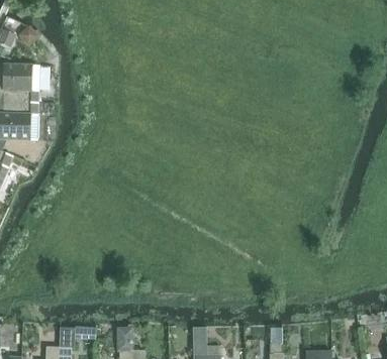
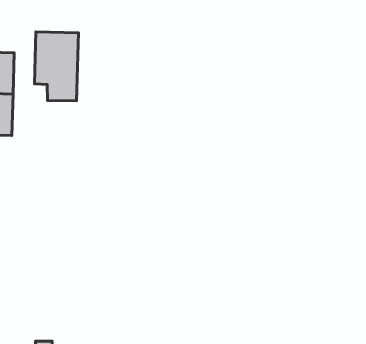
building: none -> [34,32,79,101]

